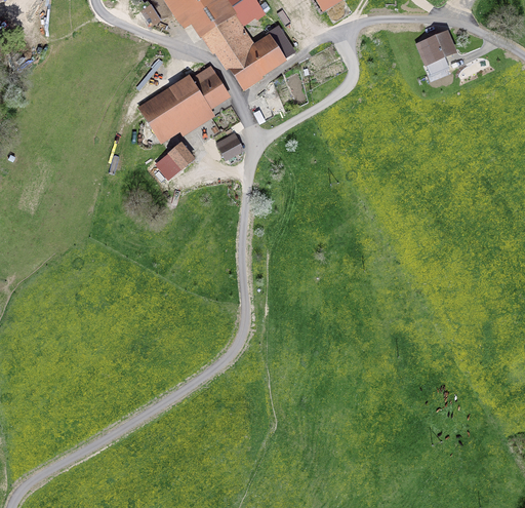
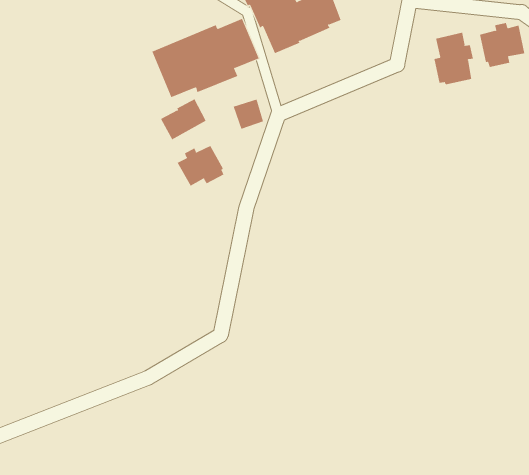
building: none -> [434,32,473,85]
building: none -> [177,145,224,187]

